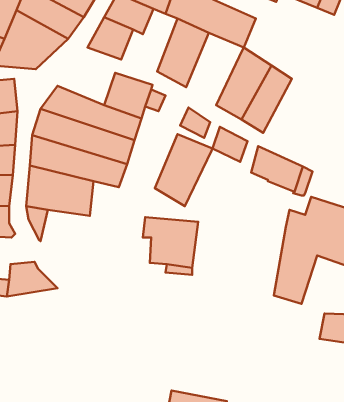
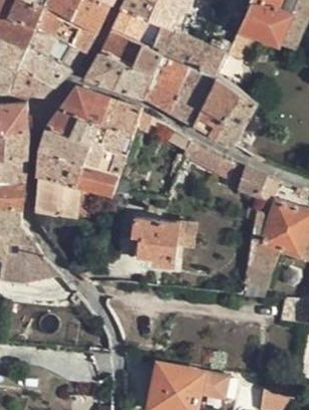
building: none -> [115,44,162,96]
building: none -> [61,87,110,125]
building: [155,134,213,206] -> [169,64,217,125]

